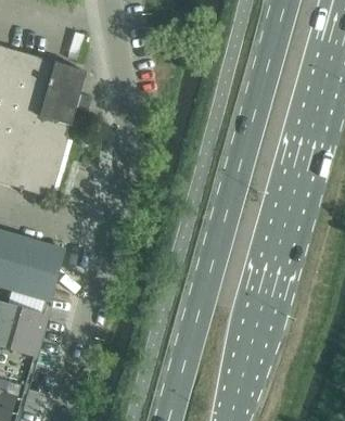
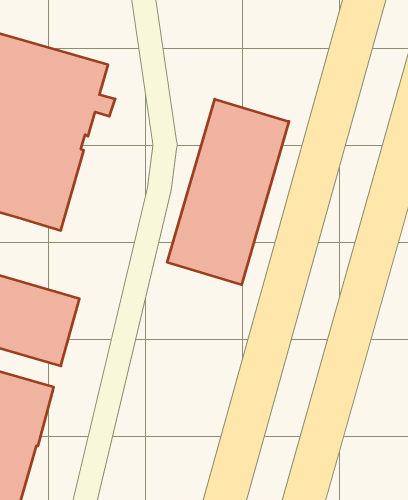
building: none -> [167,99,289,285]

